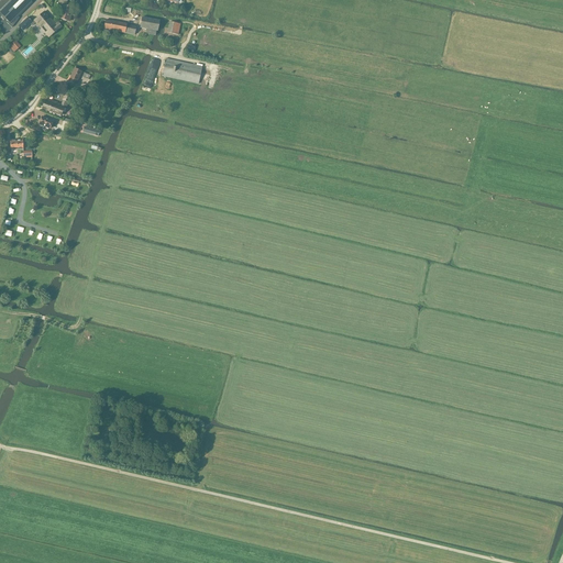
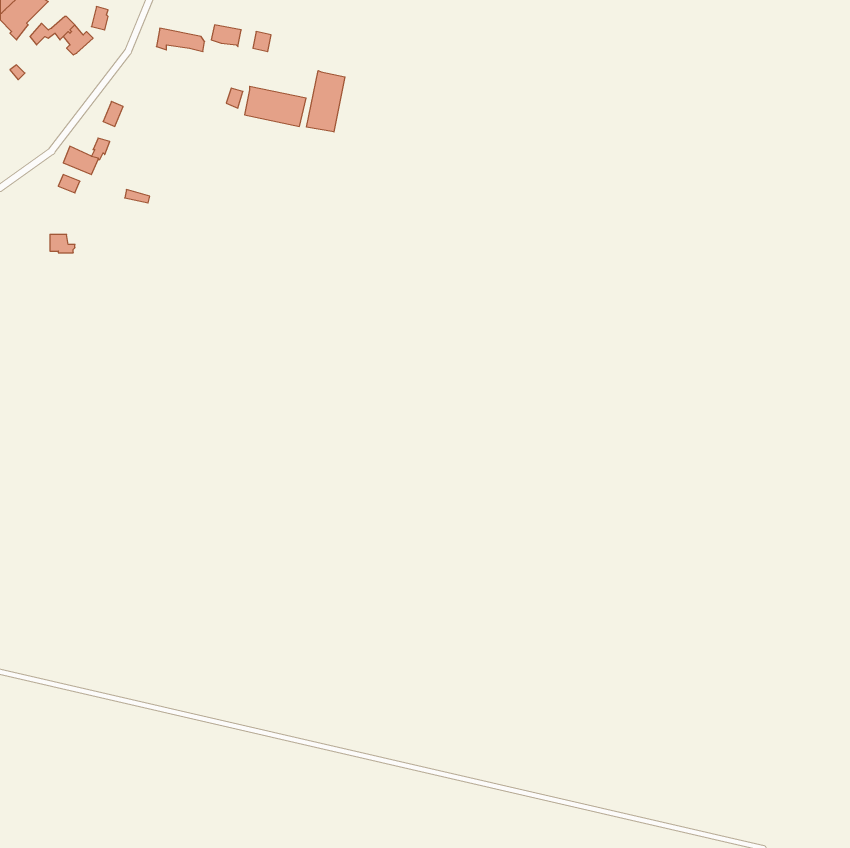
building: none -> [307,71,345,132]

